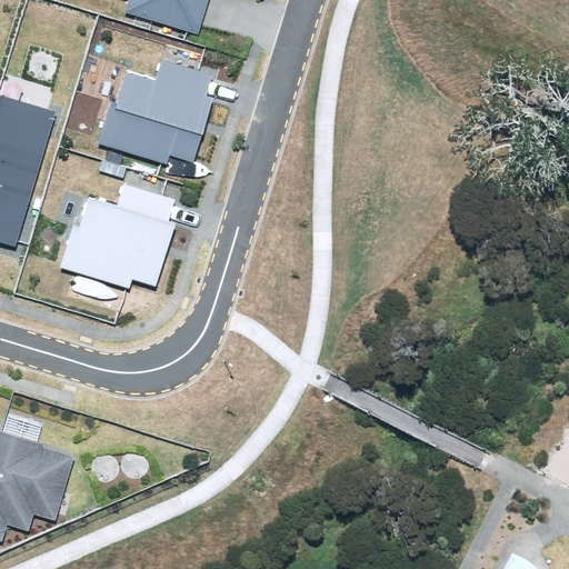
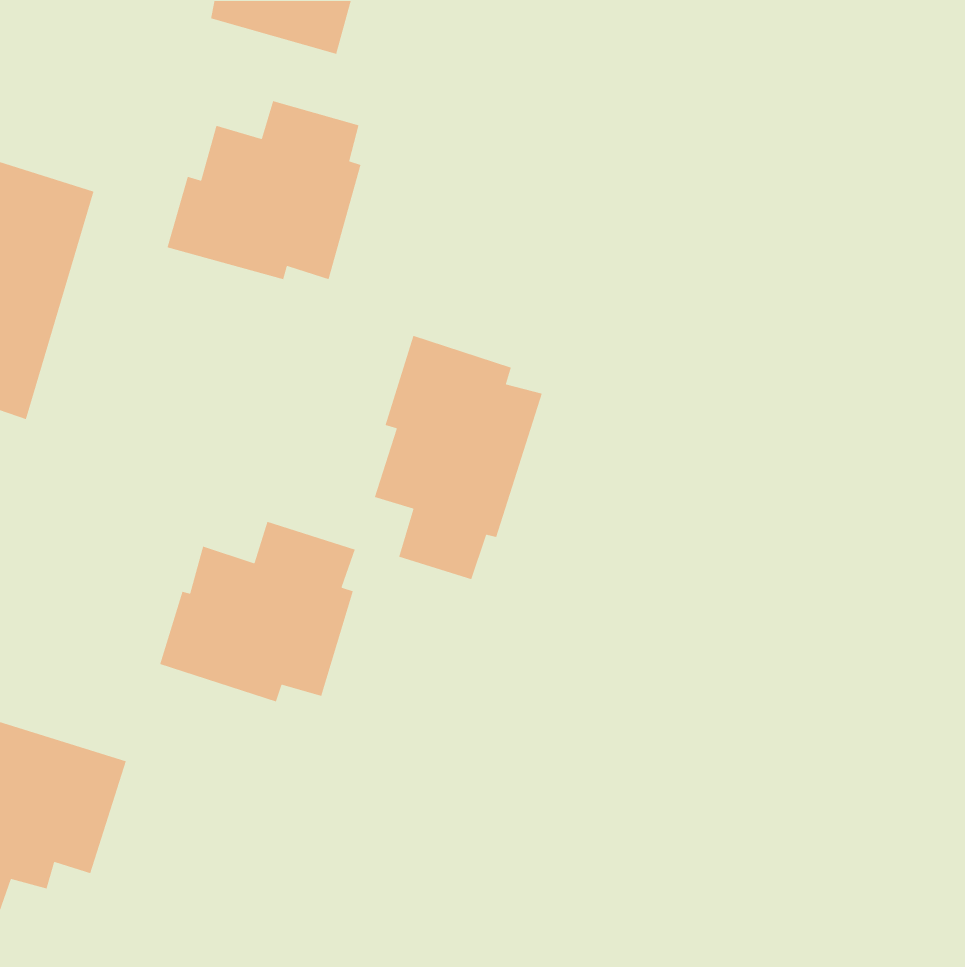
building: [60,182,176,289] -> [159,521,356,702]
building: none -> [374,335,543,580]

